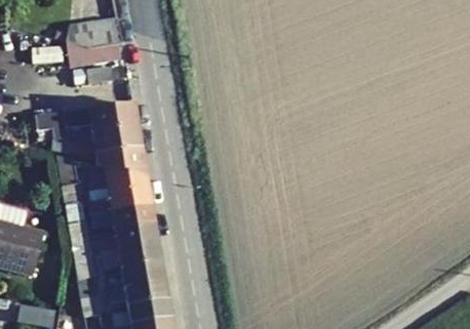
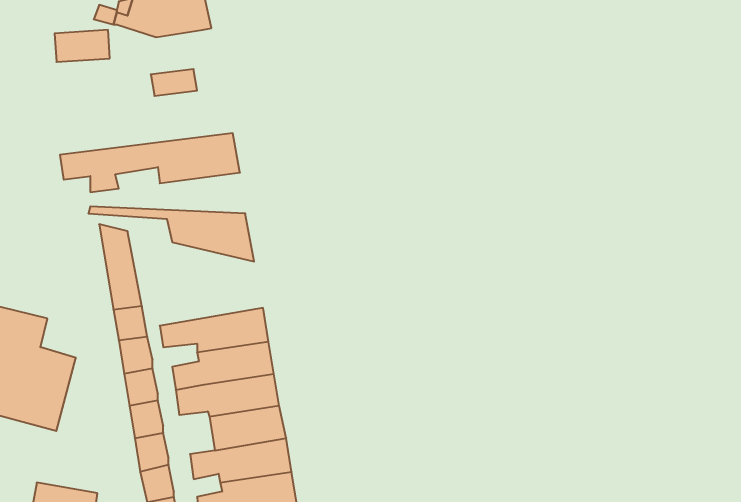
building: [69,41,121,66] -> none
building: [53,126,143,150] -> none
building: [89,166,153,214] -> none

